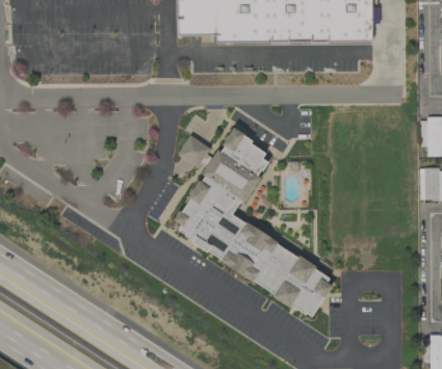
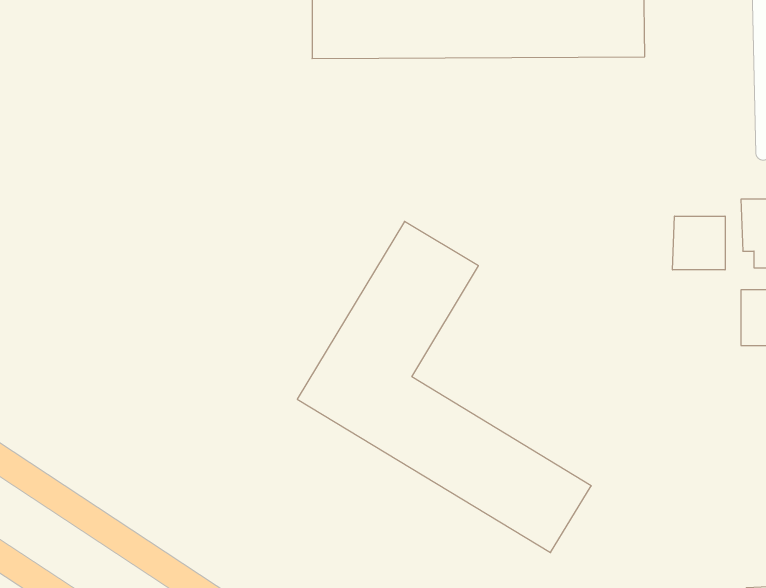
building: none -> [673,216,725,270]
building: [178,135,210,166] -> none

